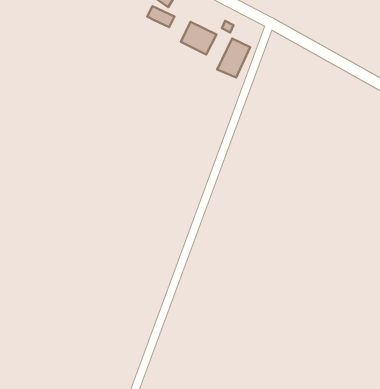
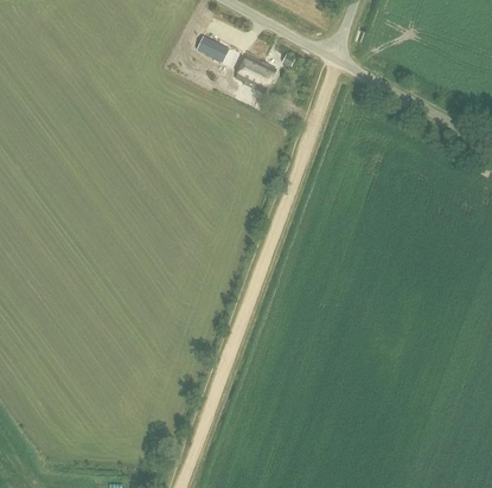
building: [217,39,250,77] -> none

